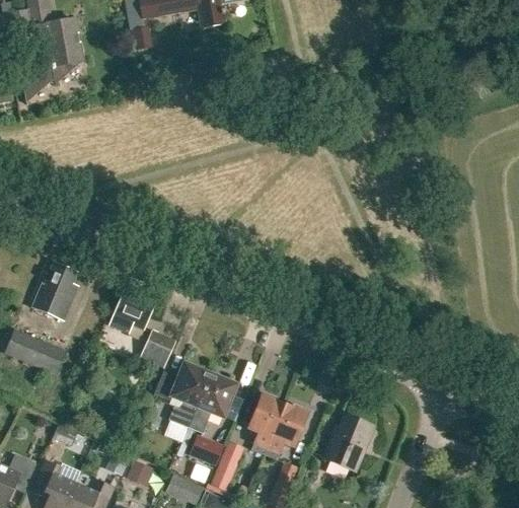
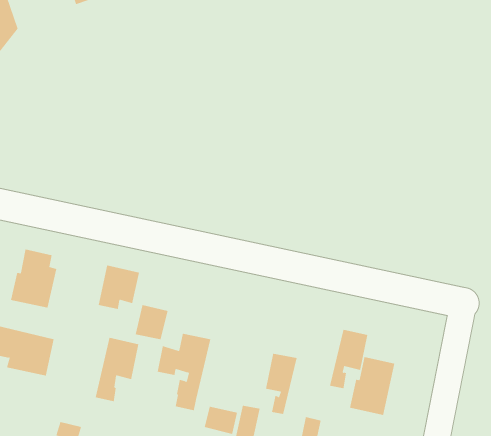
building: [188,374,236,434] -> [95,337,139,402]
building: [265,405,308,459] -> [329,329,368,389]

